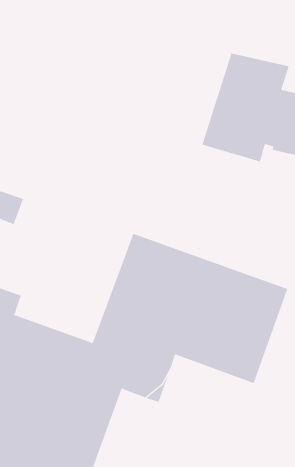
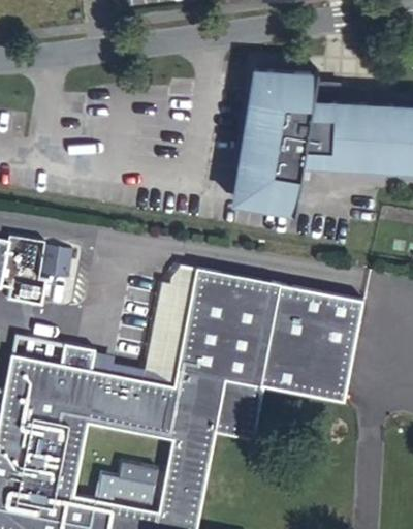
building: none -> [241,170,307,213]
building: none -> [88,268,191,387]

